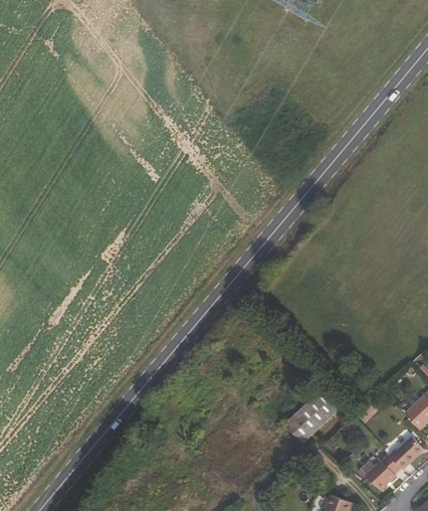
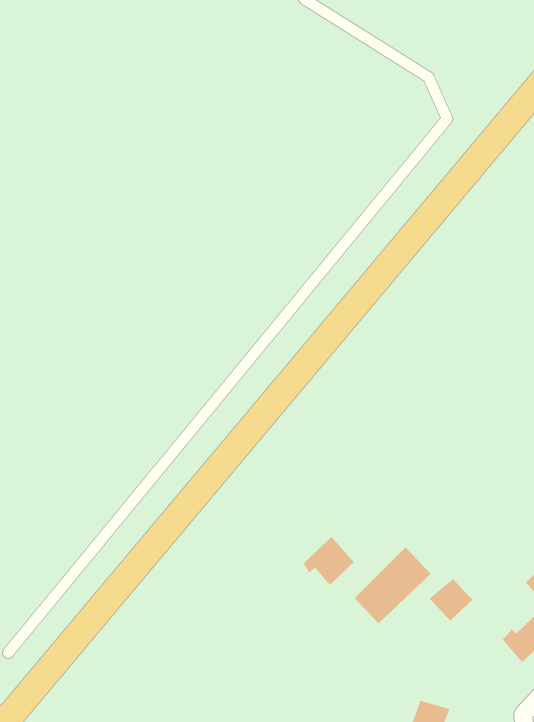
building: none -> [303,536,354,586]
building: [365,458,396,488] -> [429,578,473,621]

